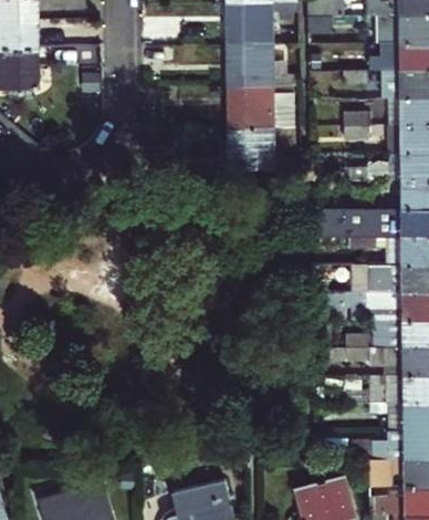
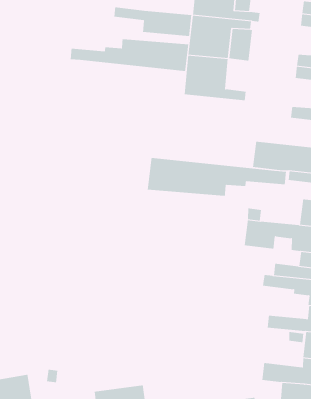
building: none -> [114,6,192,37]
building: none -> [70,38,189,72]
building: none -> [147,157,286,197]

